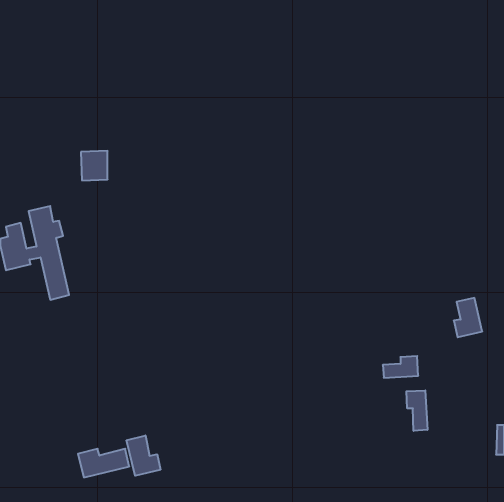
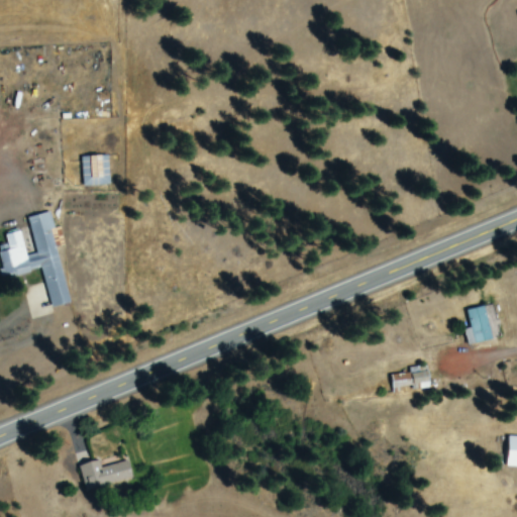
building: [406,390,427,431] -> none
building: [127,435,160,476] -> none

